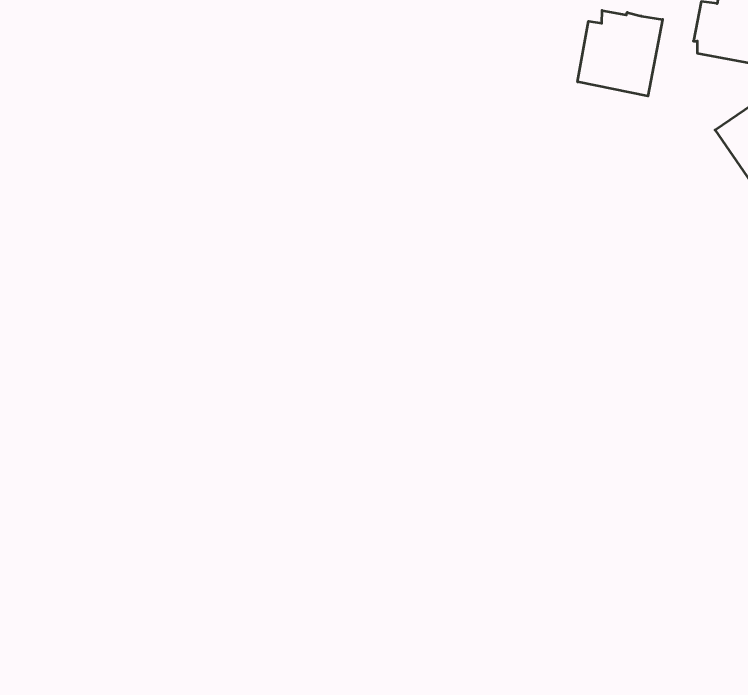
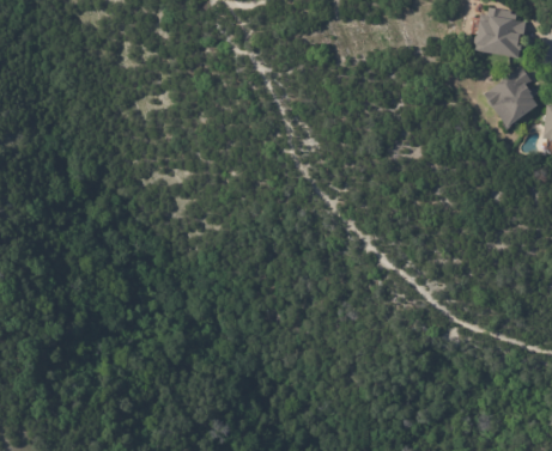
building: [578,10,663,96] -> none

